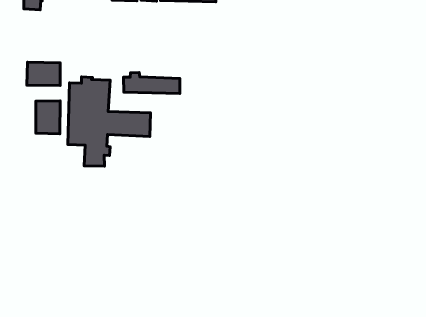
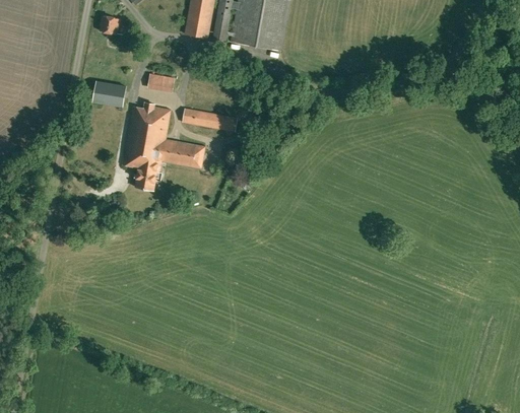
building: none -> [149,74,178,92]
building: [36,101,60,134] -> none

